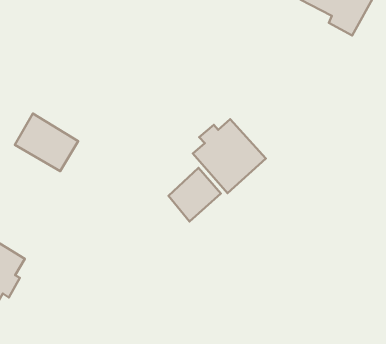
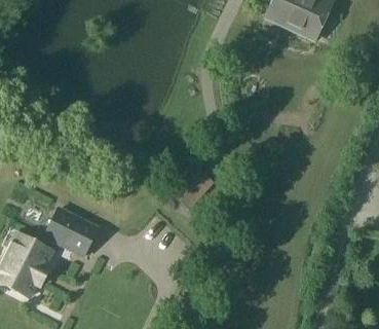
building: [15,114,78,171] -> [44,208,98,255]
building: [193,119,266,193] -> none

